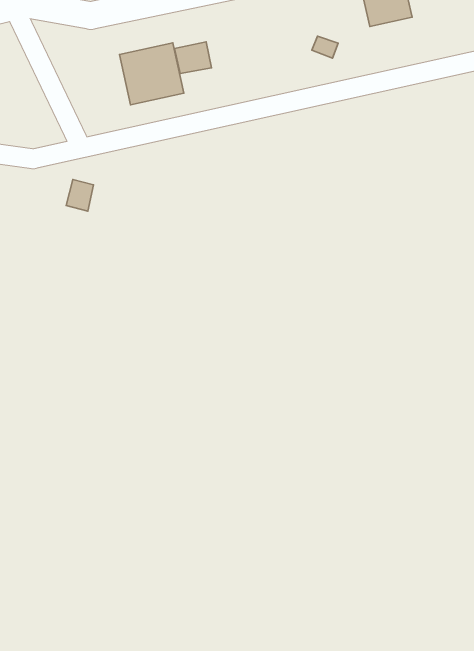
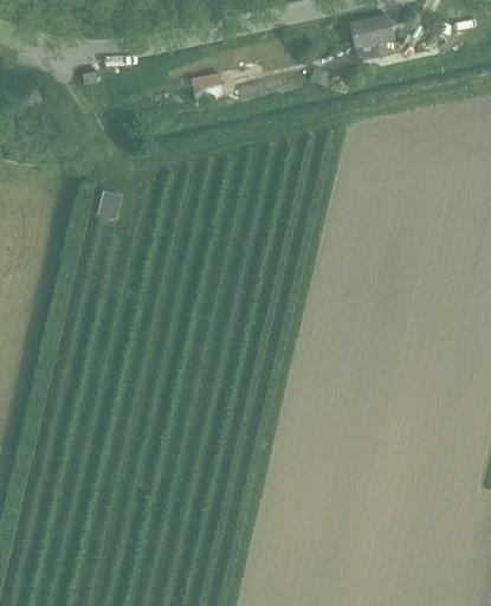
building: [119,43,184,105] -> none

